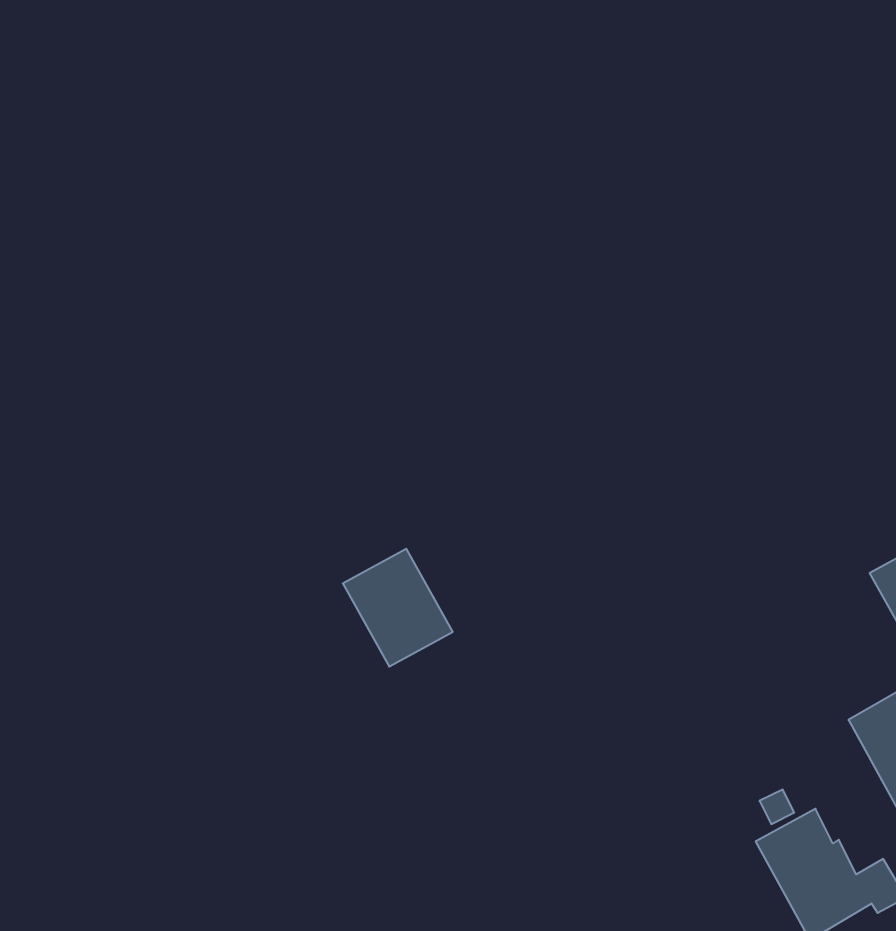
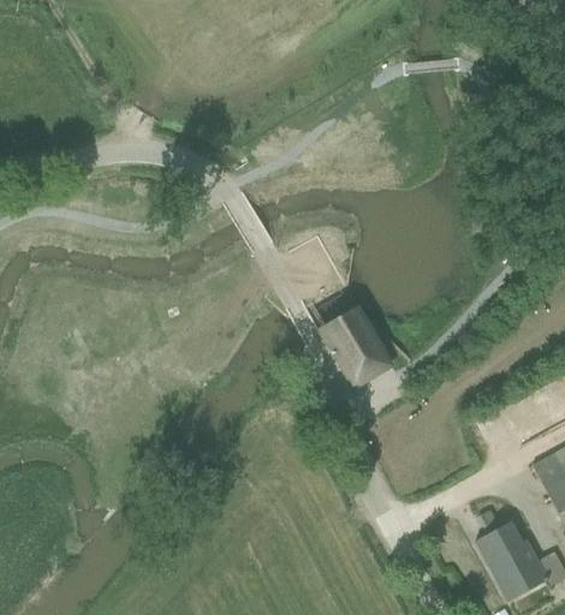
building: [343,549,453,667] -> [325,312,393,386]

